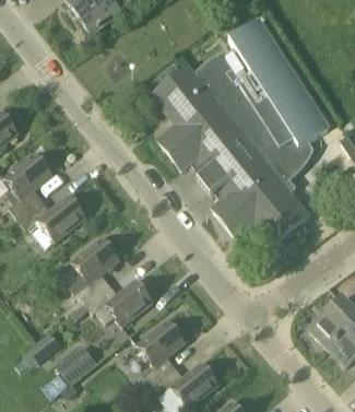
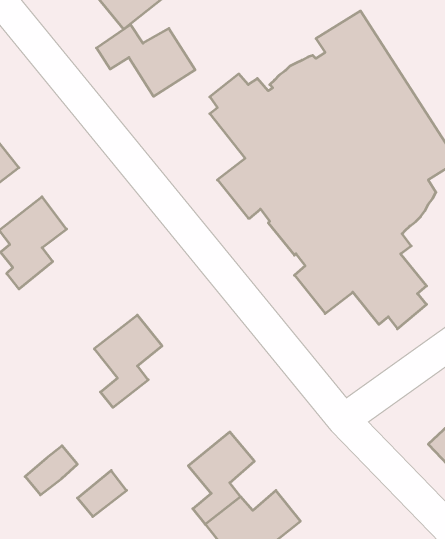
building: none -> [96,25,195,96]
building: [19,193,86,240] -> none
building: [85,278,154,325] -> none

